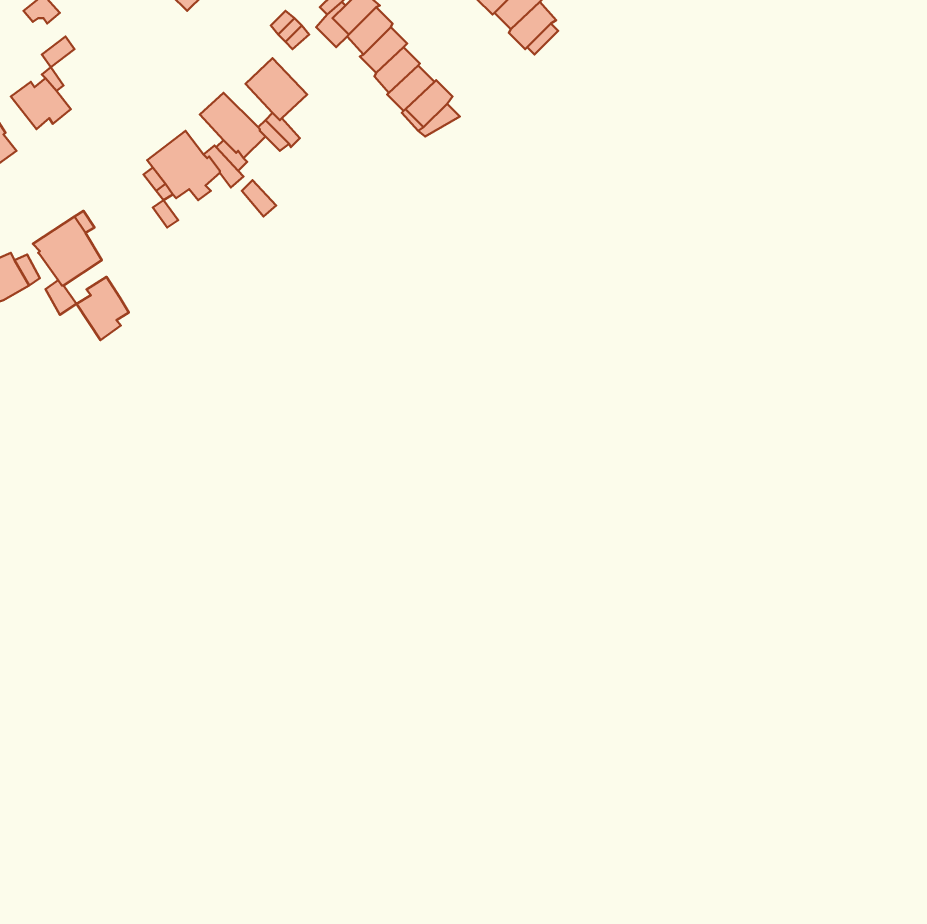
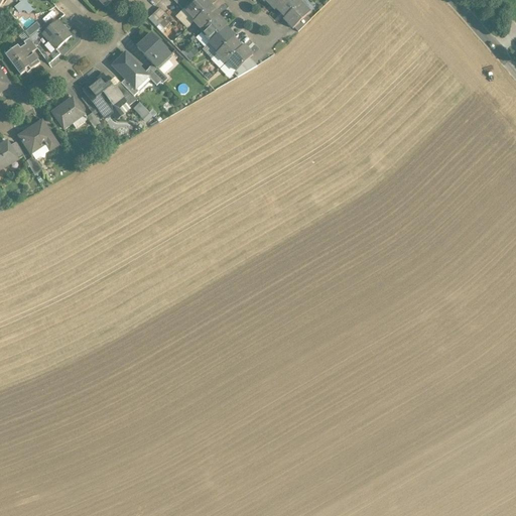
building: none -> [41,19,71,47]
building: none -> [51,96,84,127]
building: [76,277,129,340] -> none

